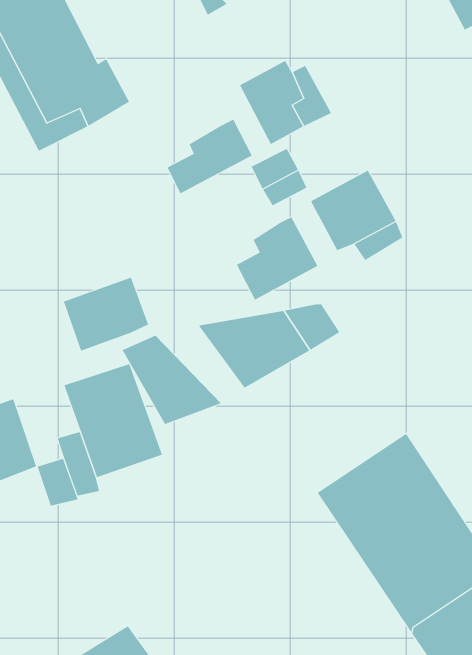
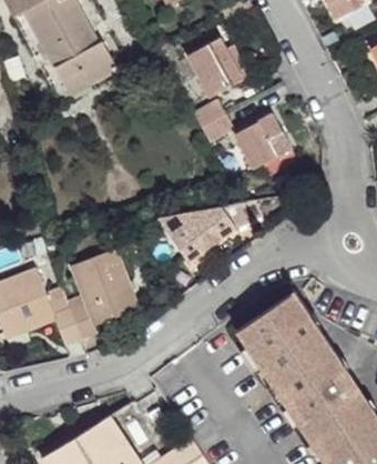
building: [167,119,253,194] -> none
building: [236,216,318,300] -> none
building: [63,277,149,352] -> none
building: [122,335,222,425] -> none

